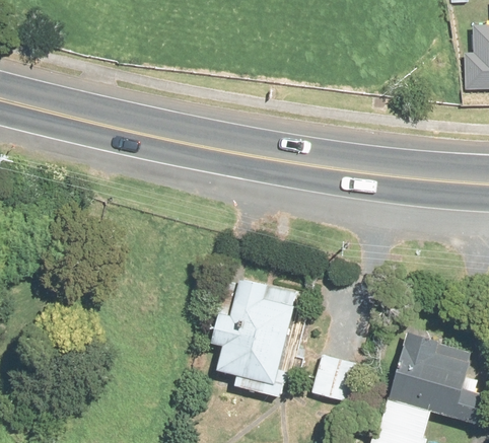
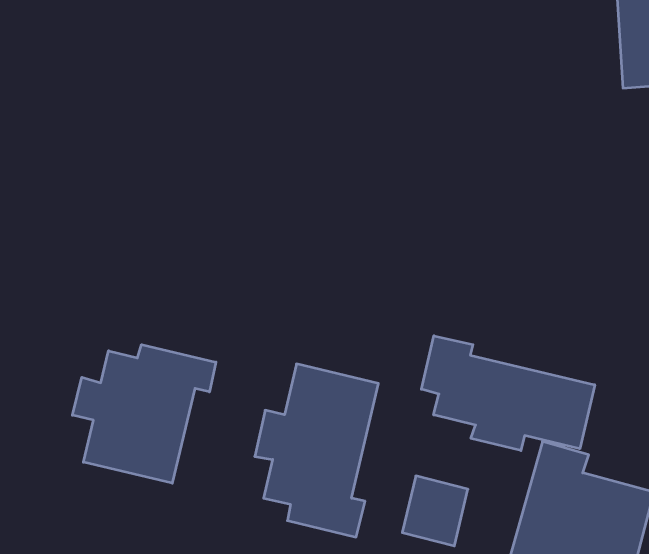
building: none -> [421,336,595,451]
building: none -> [72,345,216,483]

